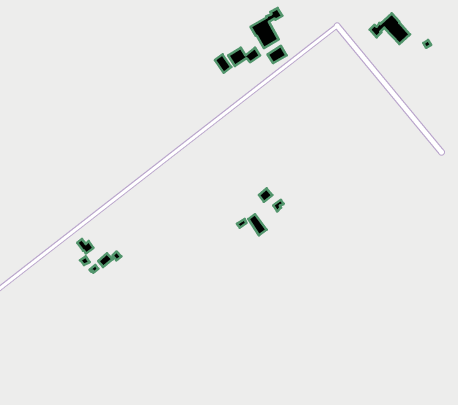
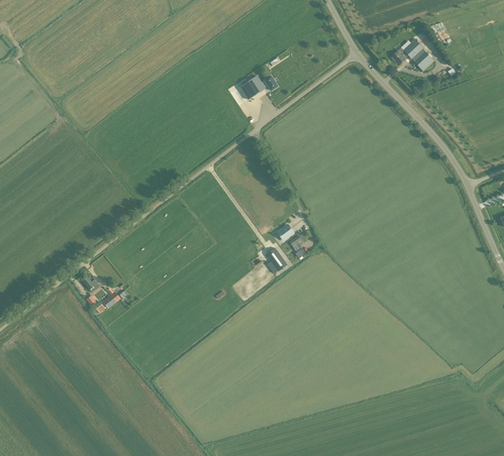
building: [251,8,282,48] -> none

